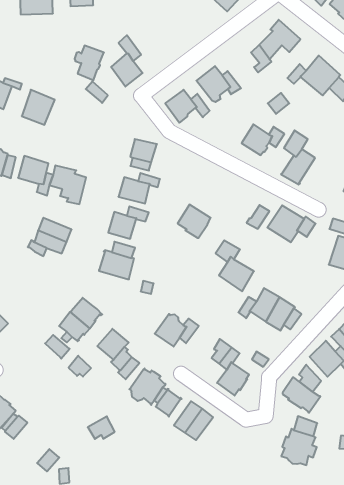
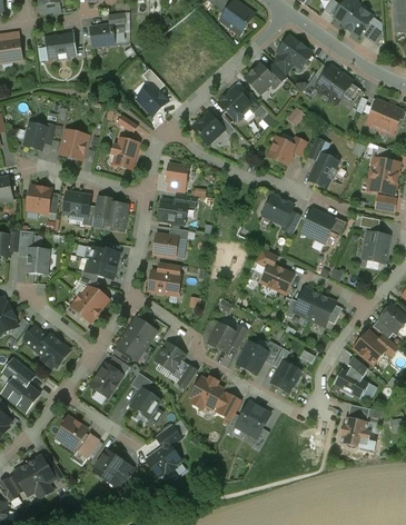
building: [75,46,104,80] -> [112,138,139,169]
building: none -> [245,67,276,93]
building: [178,205,211,238] -> [264,195,294,225]
building: none -> [71,286,109,321]
building: none -> [237,341,268,374]
building: none -> [91,363,122,397]
building: none -> [130,388,160,417]
building: none -> [93,449,122,481]
building: none -> [148,443,181,476]

